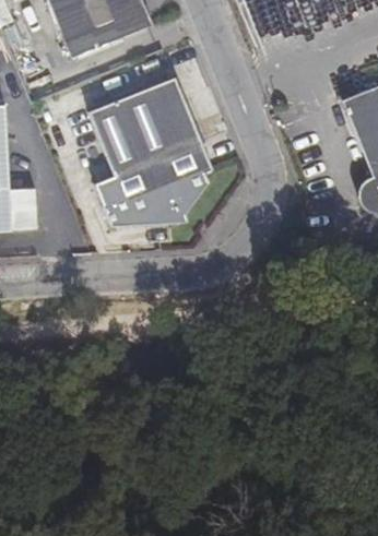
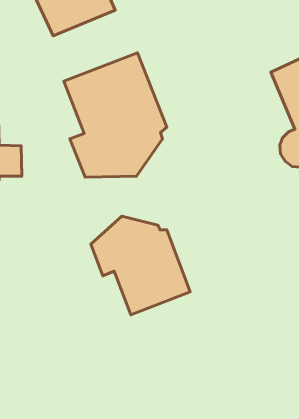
building: none -> [91,216,190,315]

